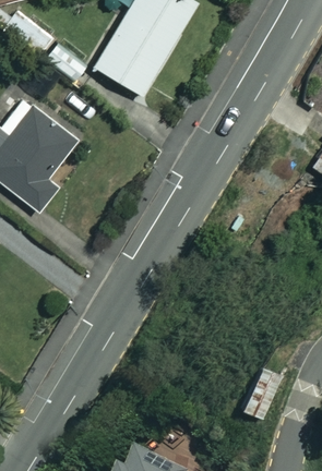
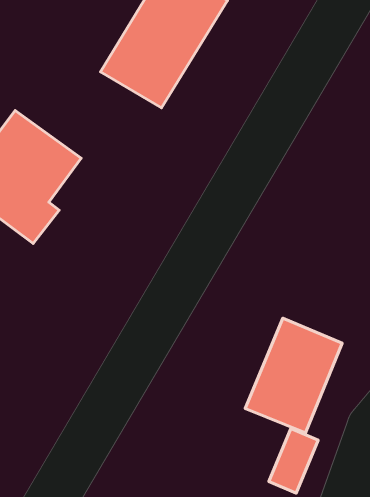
building: none -> [245,318,342,433]

